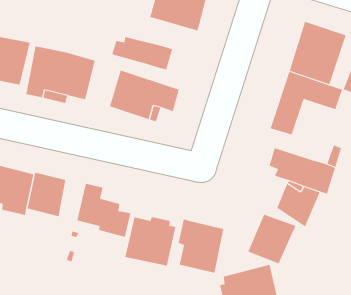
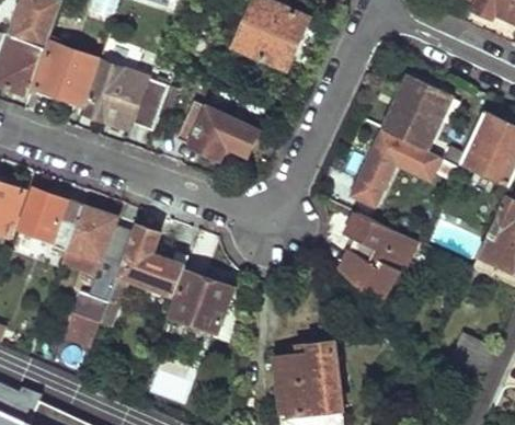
building: [111,36,173,70] -> none
building: [248,214,296,264] -> none
building: [178,218,224,274] -> none
building: none -> [71,275,111,323]

